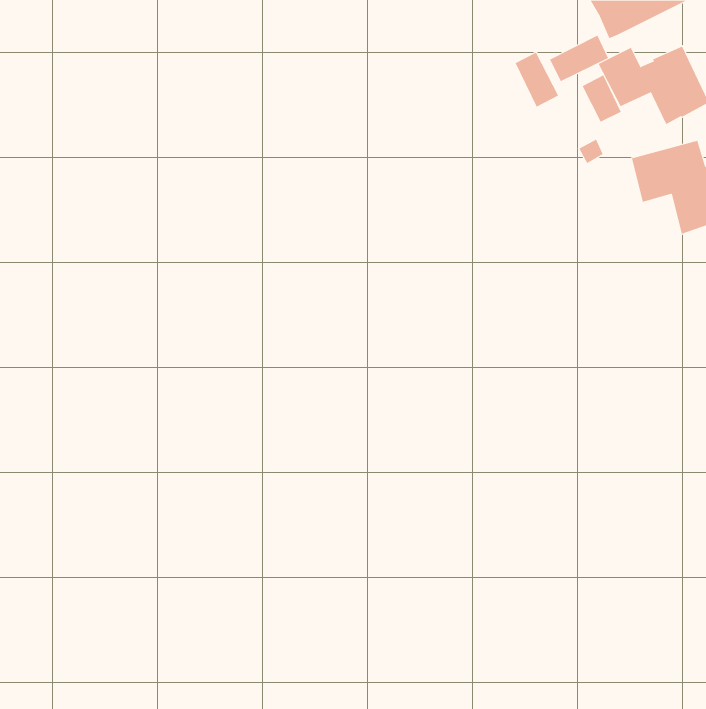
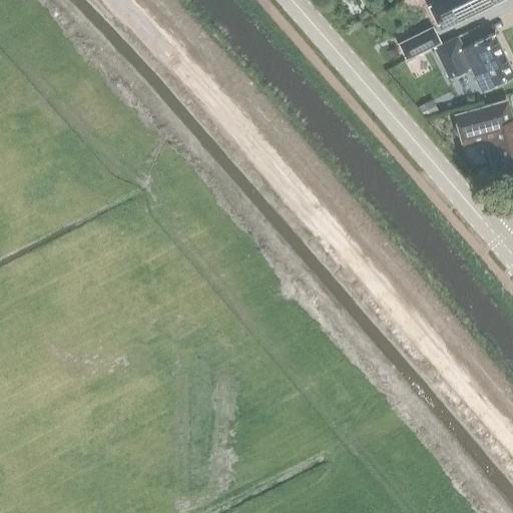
building: [515,52,559,108] -> none
building: [582,75,621,122] -> none

